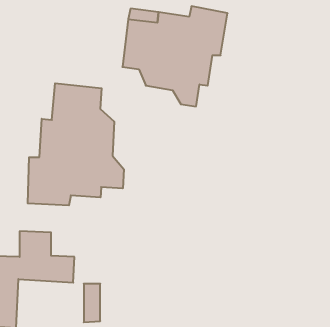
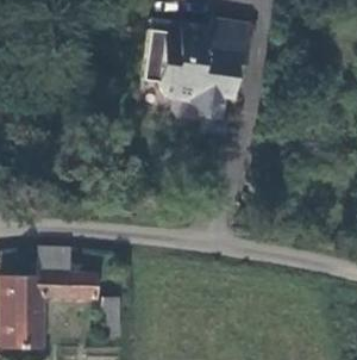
building: [28,83,124,205] -> none

